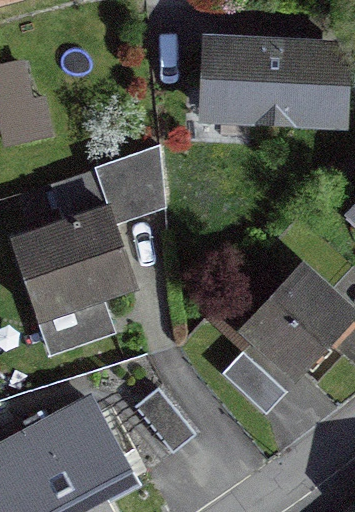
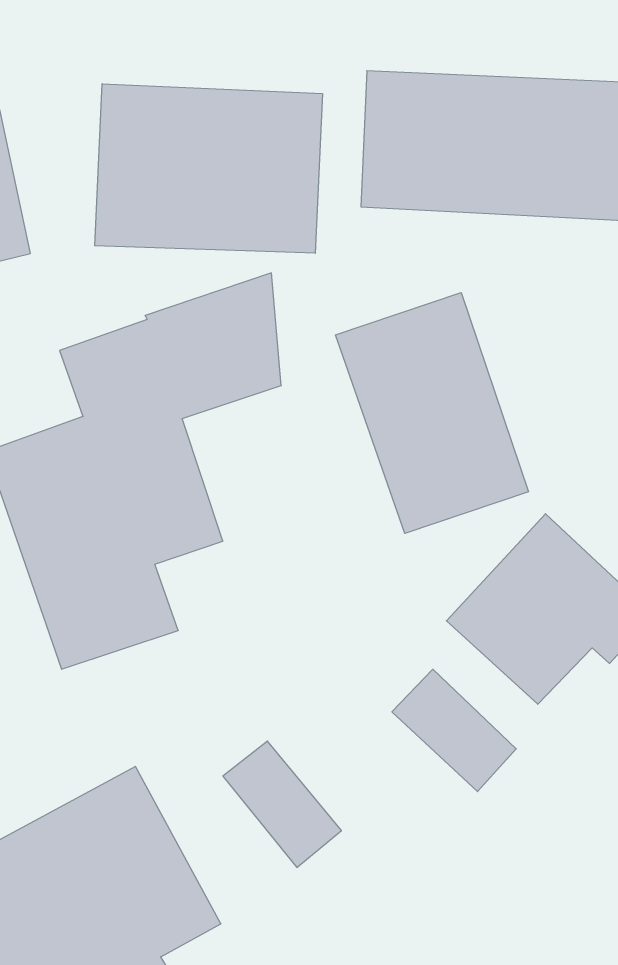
building: none -> [95,84,322,253]
building: none -> [336,293,528,533]

